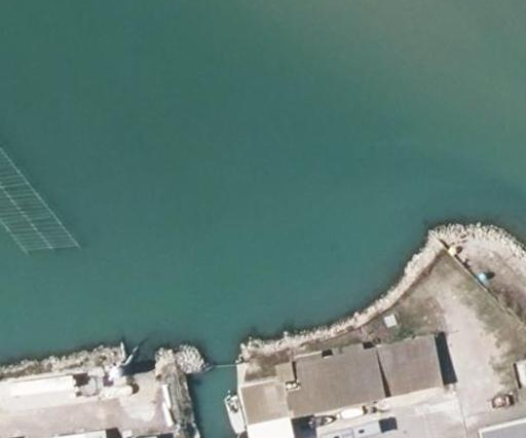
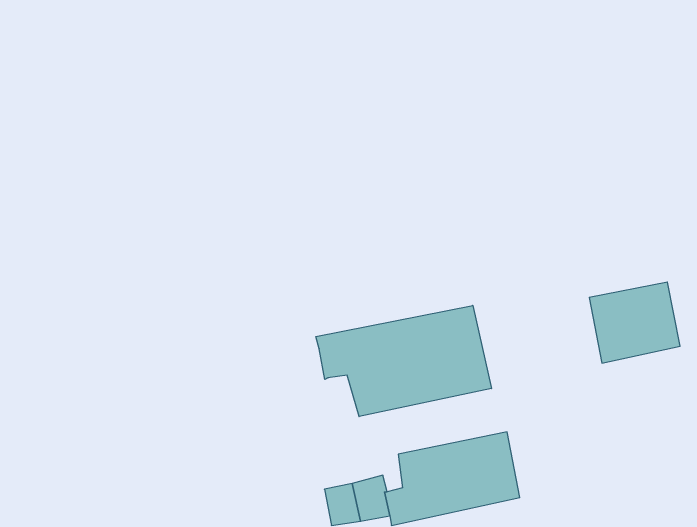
building: none -> [316,305,491,417]
building: [375,337,442,397] -> [589,282,680,363]

